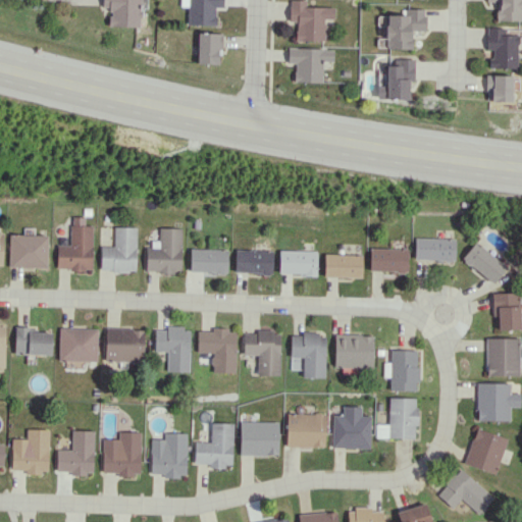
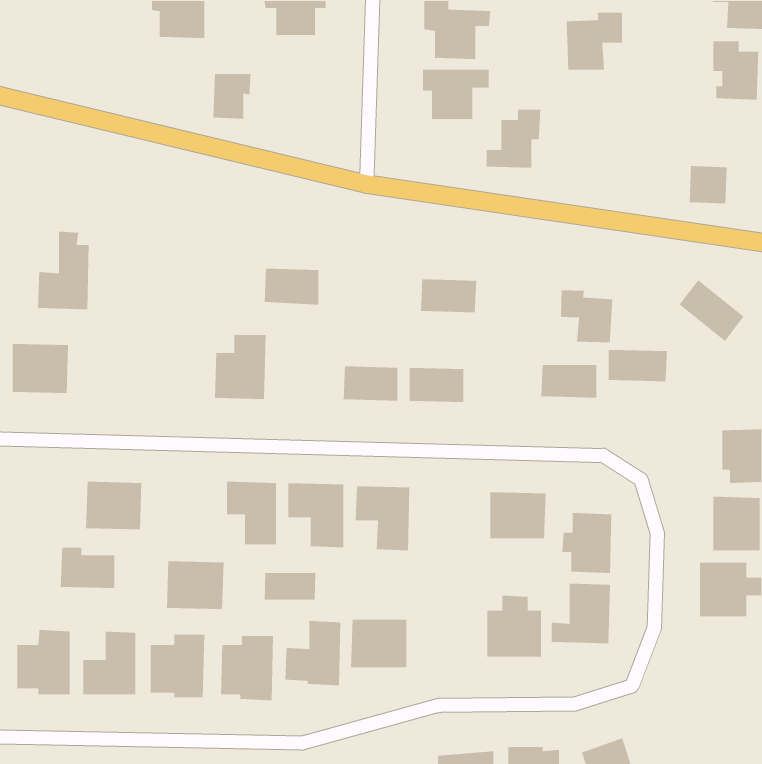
building: [198,34,224,65] -> [213,73,252,120]
building: [378,59,416,100] -> [486,109,541,169]
building: [486,75,513,102] -> [689,165,728,204]
building: none -> [560,290,613,343]
building: [58,217,94,271] -> [37,231,90,310]
building: [101,227,138,272] -> none
building: [463,242,508,284] -> [679,279,744,342]
building: [191,249,228,274] -> [264,268,319,305]
building: [325,255,364,278] -> [420,279,477,313]
building: [15,327,53,356] -> [60,547,115,589]
building: [106,328,146,362] -> [166,560,224,610]
building: [291,333,326,378] -> none
building: none -> [264,572,316,601]
building: [288,413,326,448] -> none
building: [465,428,509,475] -> none
building: [437,468,494,515] -> none

